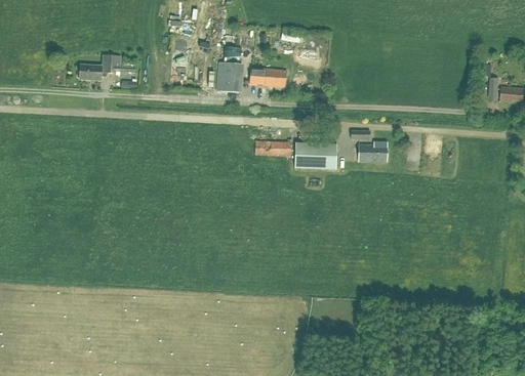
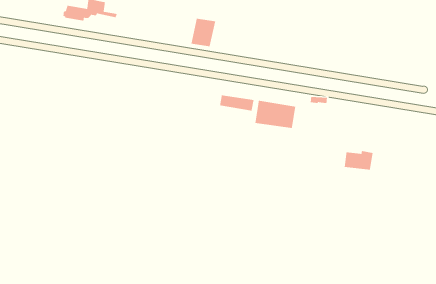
building: [249,67,286,86] -> none
building: [358,140,388,161] -> [344,150,374,171]

